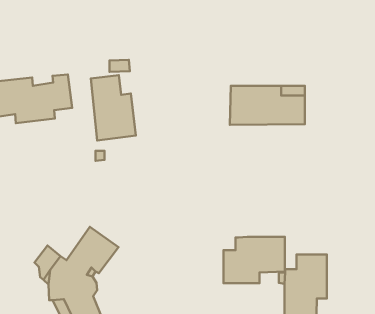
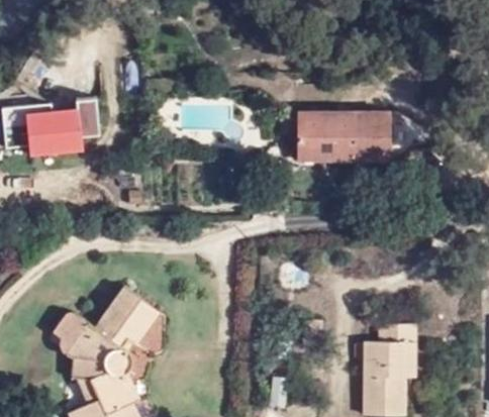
building: [91,75,136,141] -> none
building: [223,237,285,283] -> none

